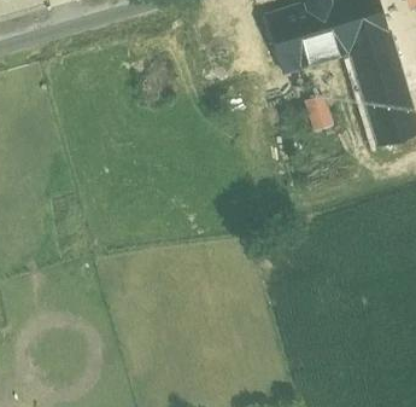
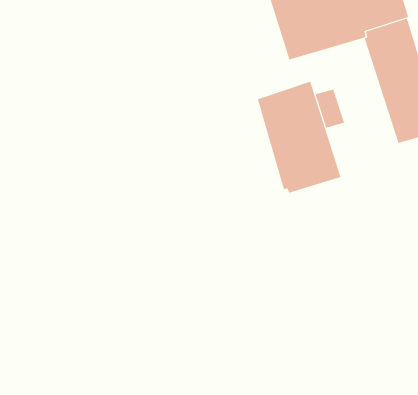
building: none -> [257,81,341,194]

